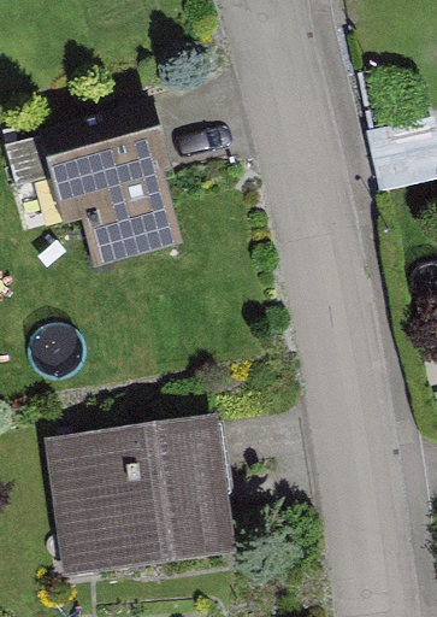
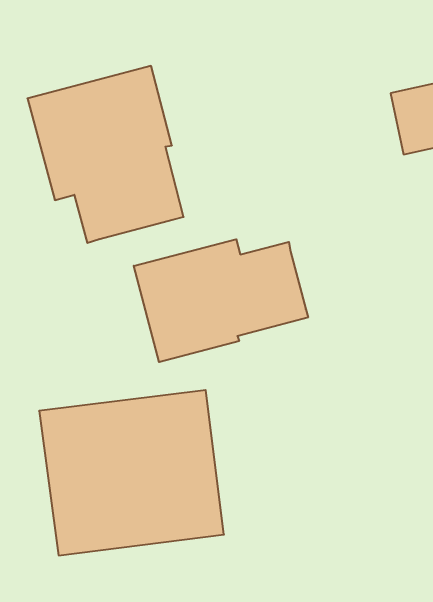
building: none -> [134,239,308,362]

